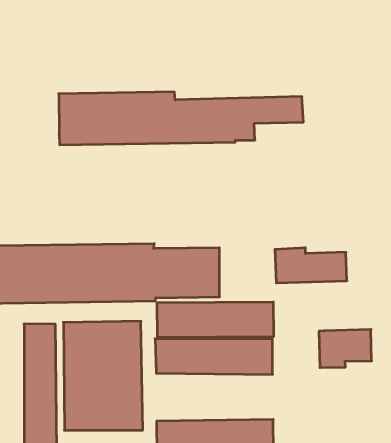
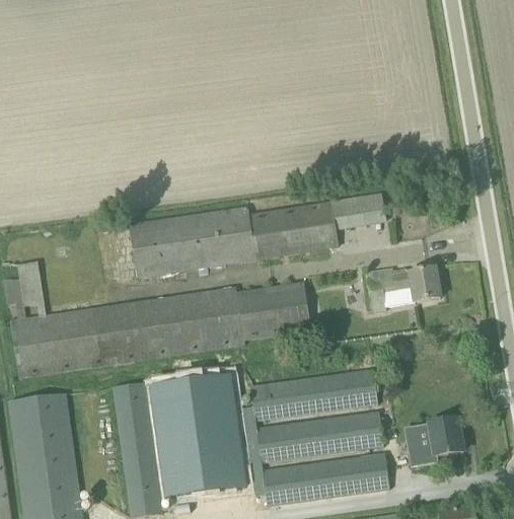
building: [59,92,303,145] -> [129,194,386,278]
building: [157,302,274,337] -> [258,410,383,462]
building: [319,329,372,368] -> [405,419,463,465]

